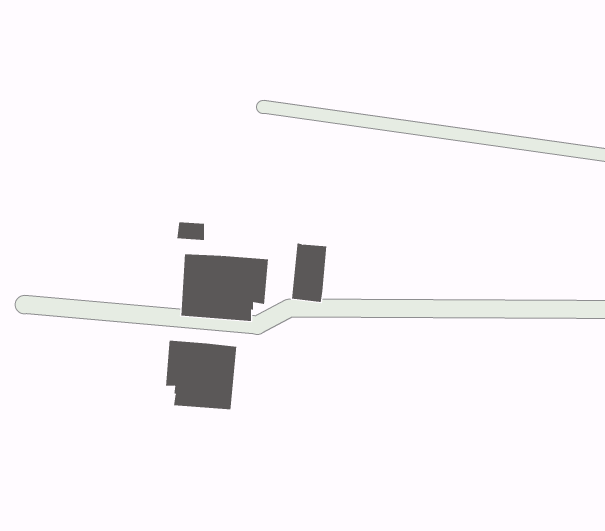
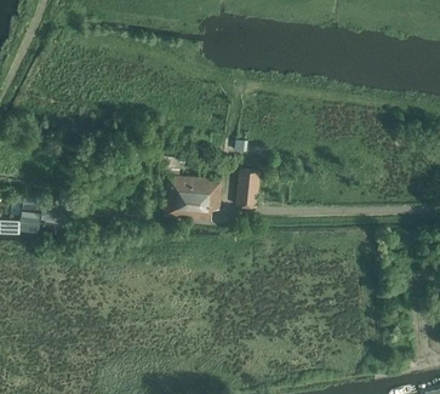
building: [166,340,237,410] -> none

